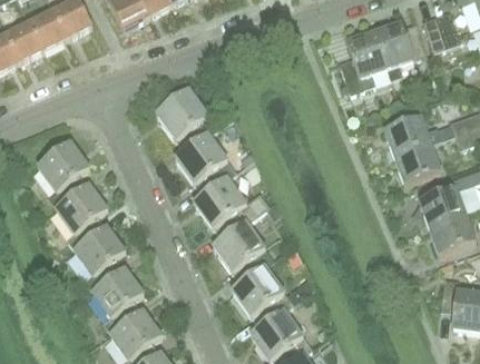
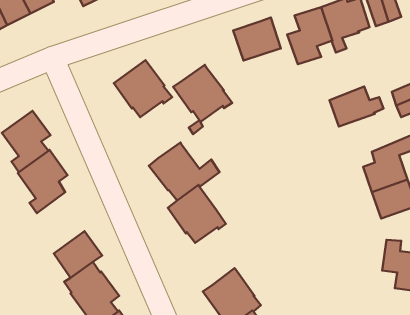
building: none -> [233,17,281,61]
building: [173,130,235,190] -> [173,65,232,122]
building: [392,144,439,183] -> none
building: [72,225,124,291] -> none
building: [231,263,313,324] -> none

